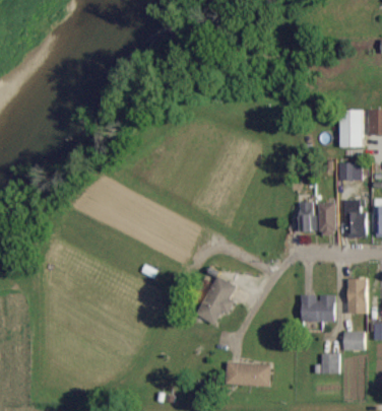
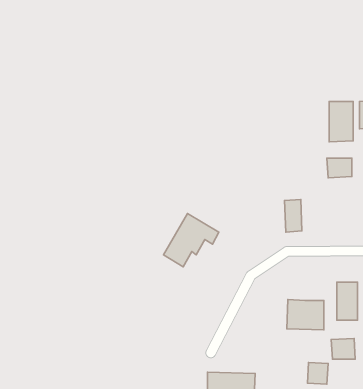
building: [344,199,367,236] -> none
building: [317,202,336,233] -> none
building: [195,275,247,325] -> [164,214,219,267]

